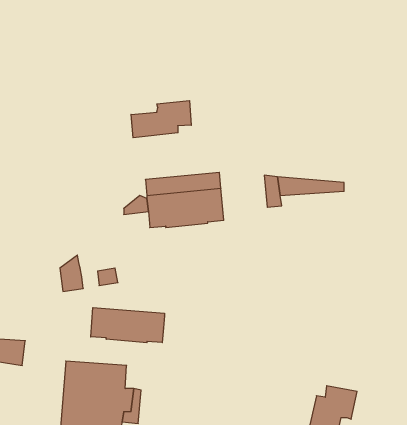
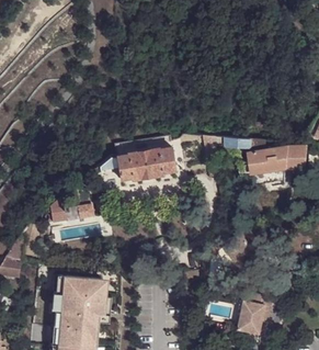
building: [131,101,191,138] -> none
building: none -> [247,146,305,173]
building: [91,308,164,343] -> none

